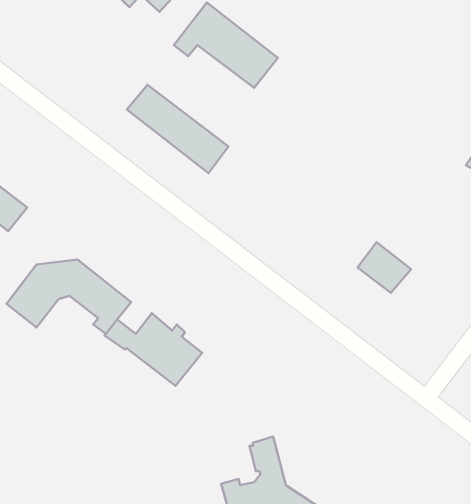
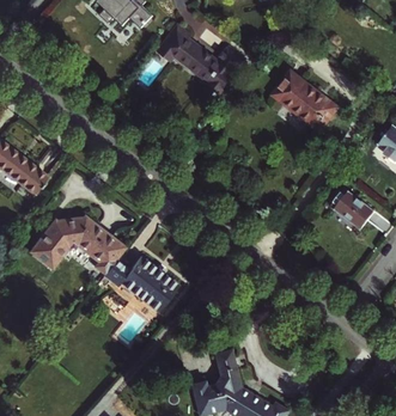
building: none -> [273,71,339,130]
building: [127,85,228,173] -> none
building: [358,242,411,293] -> [333,191,373,230]

